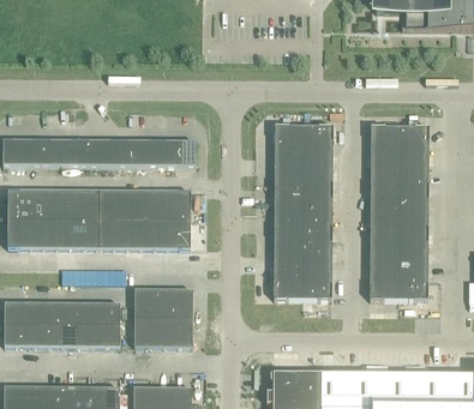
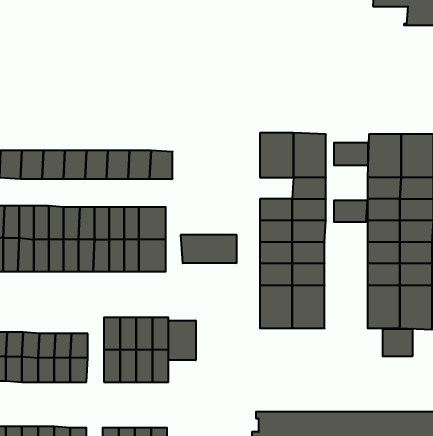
building: none -> [334,143,368,165]
building: [274,163,304,182] -> [334,200,368,222]
building: none -> [181,235,236,263]
building: none -> [168,320,196,360]
building: none -> [383,329,412,356]

